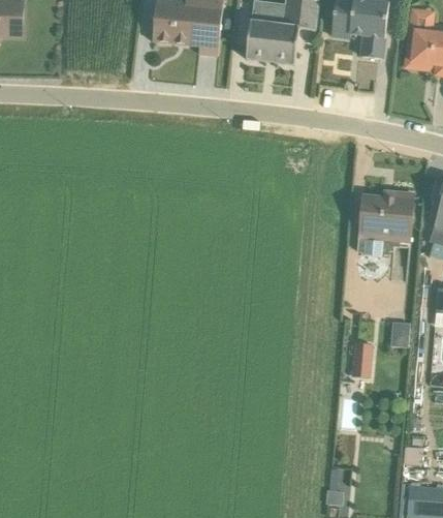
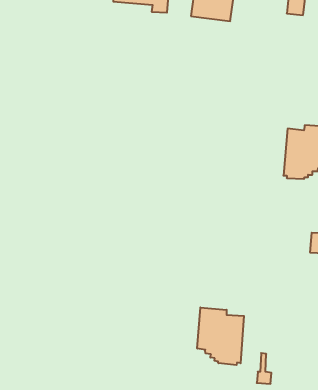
building: [351,341,372,376] -> none
building: none -> [197,307,244,365]

